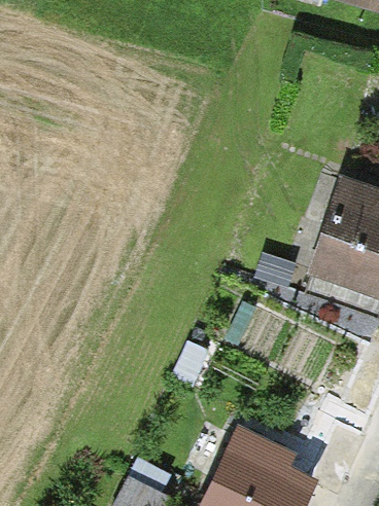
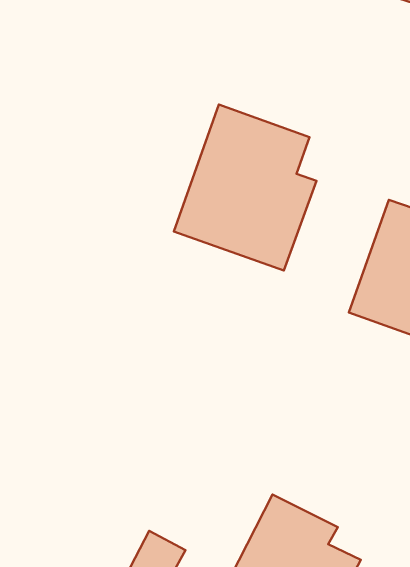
building: none -> [174,105,317,271]

